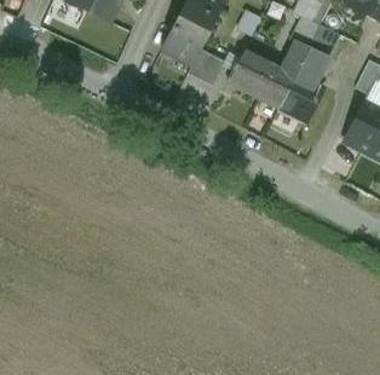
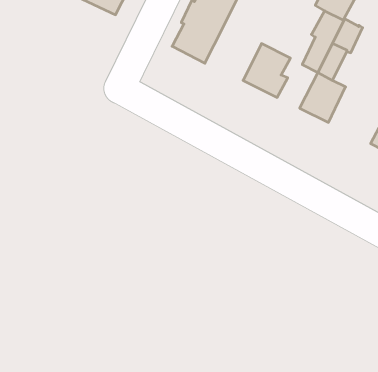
building: [188,48,225,86] -> none
building: [258,60,295,106] -> none

